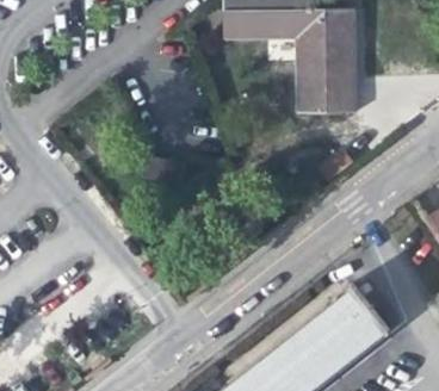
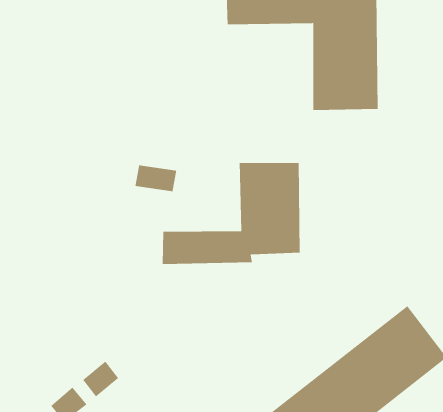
building: none -> [162,162,301,265]

